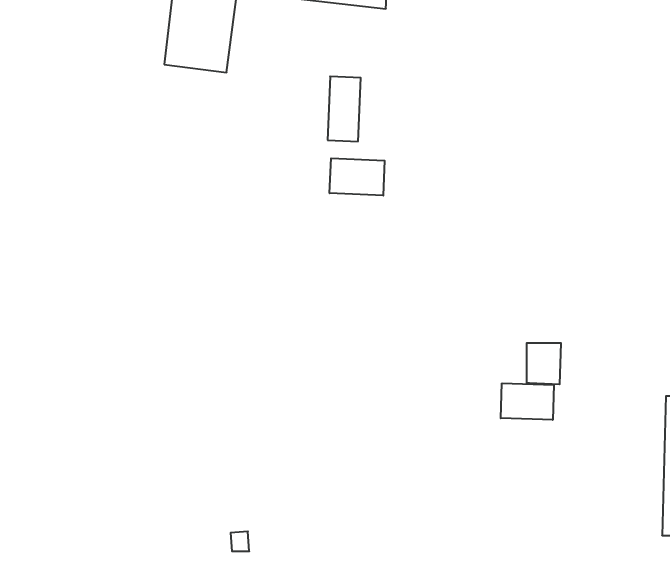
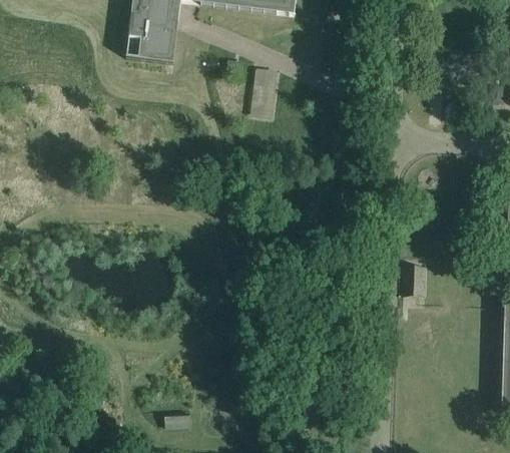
building: [330,158,385,196] -> none
building: [501,383,554,420] -> none

